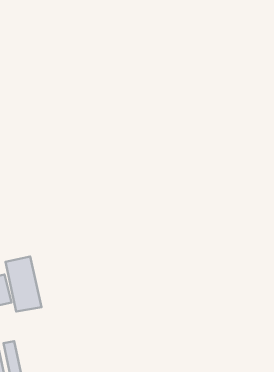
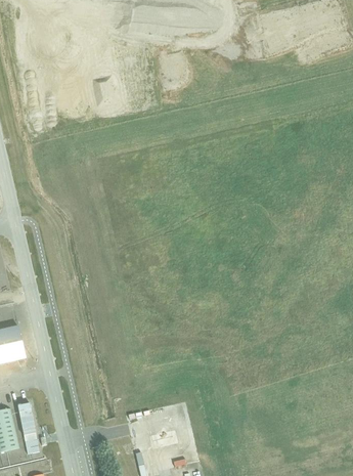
building: [5,256,41,312] -> none

